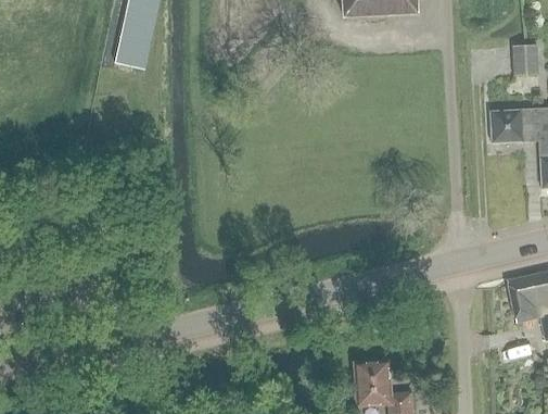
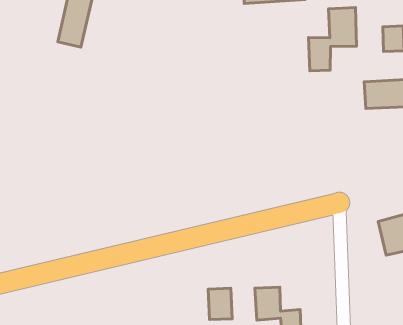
building: none -> [308,8,357,71]
building: none -> [208,288,232,320]

